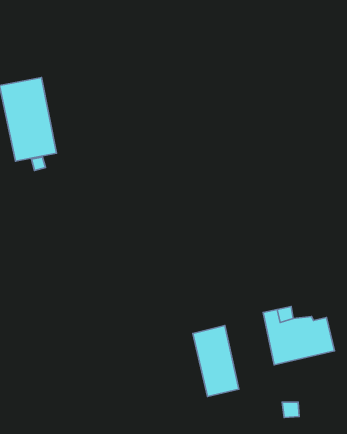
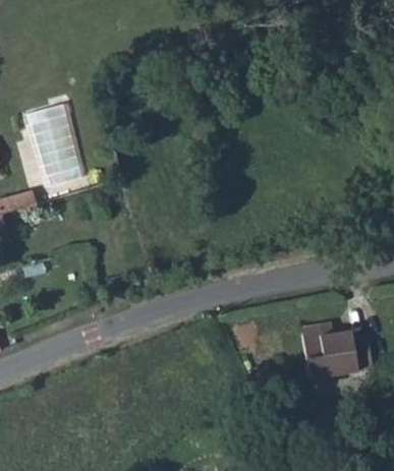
building: [193,326,239,397] -> none

